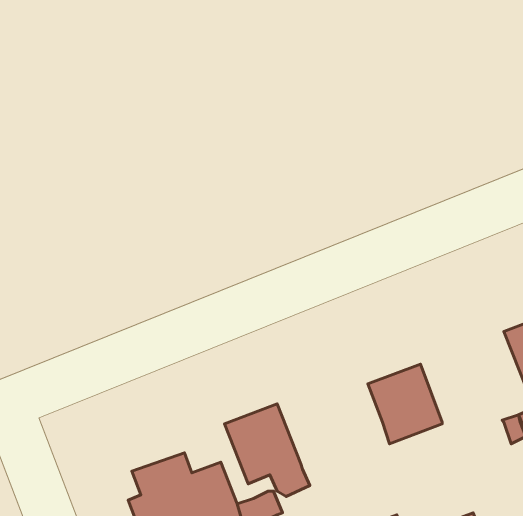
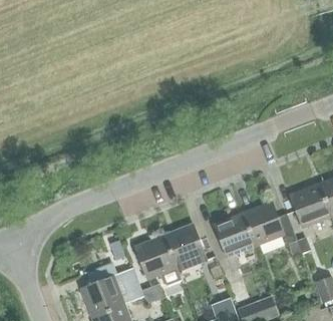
building: none -> [243,202,284,246]
building: none -> [163,224,208,271]

